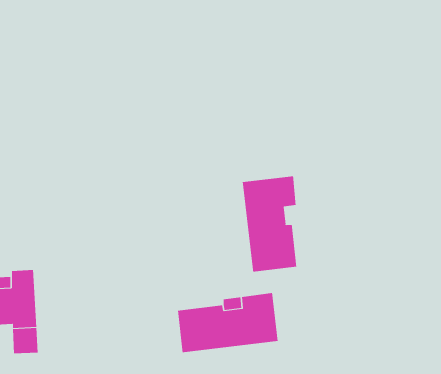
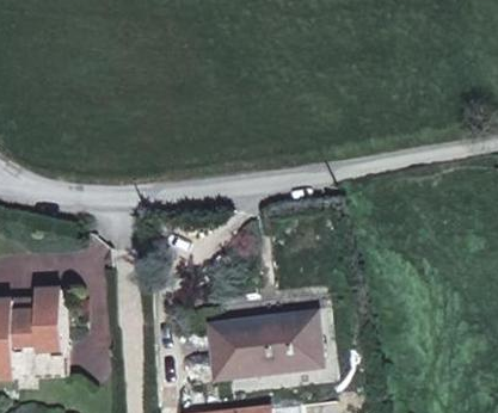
building: [242,175,297,273] -> none

